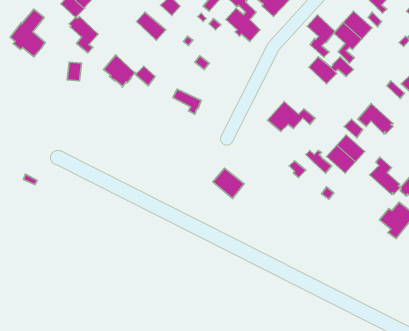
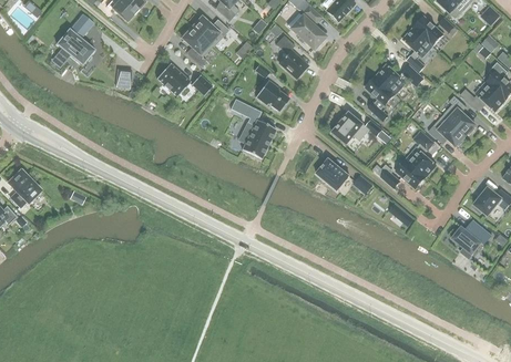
building: [307,15,335,57] -> [365,75,395,121]
building: [69,17,98,53] -> [181,27,212,65]
building: none -> [275,34,307,77]
building: none -> [255,80,289,112]
building: none -> [242,120,276,158]
building: [370,157,401,194] -> [442,95,476,135]
building: [213,168,244,198] -> [316,158,349,190]

